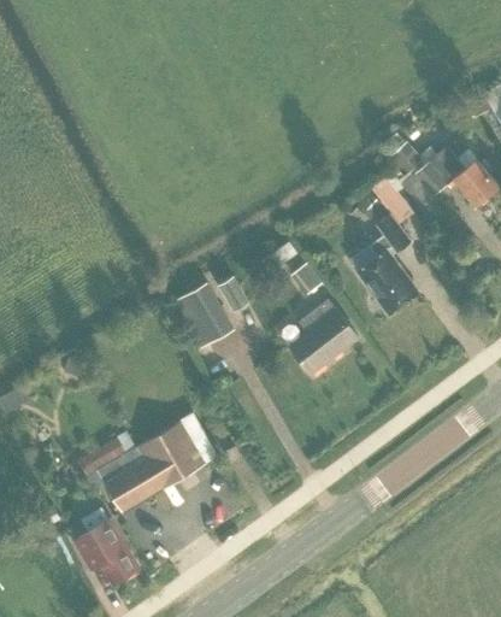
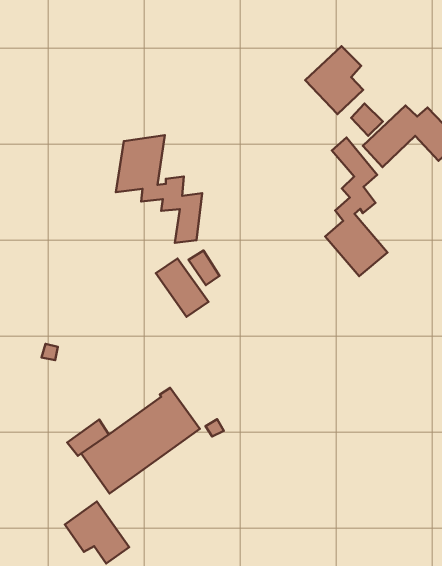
building: none -> [305,46,363,114]
building: none -> [116,135,202,243]
building: [289,300,358,375] -> none

